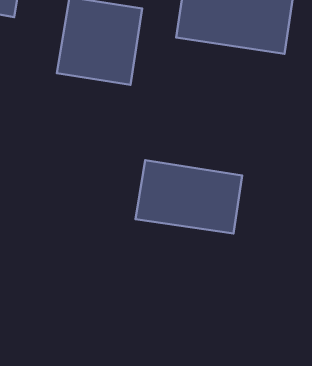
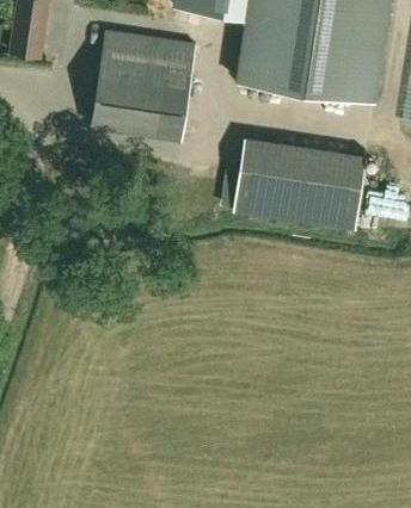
building: [136,160,242,234] -> [233,140,364,230]

